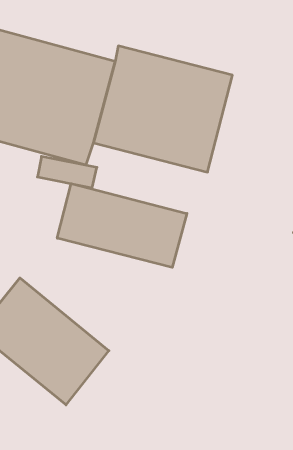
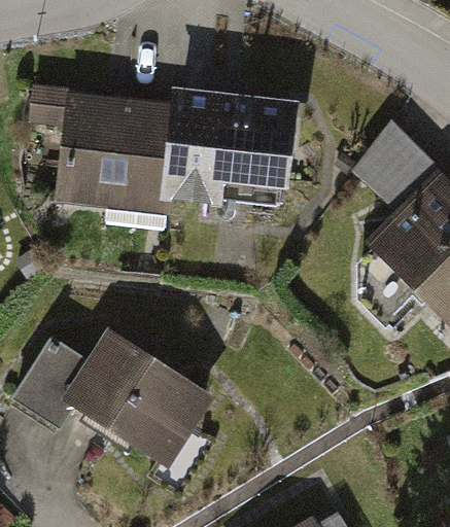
building: [57,184,187,267] -> none

